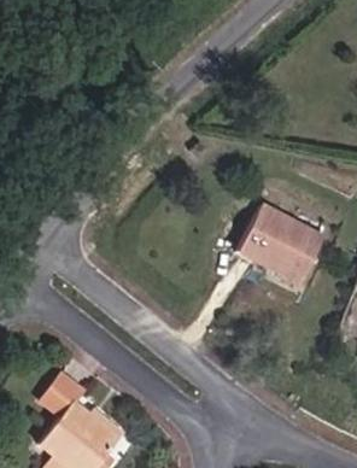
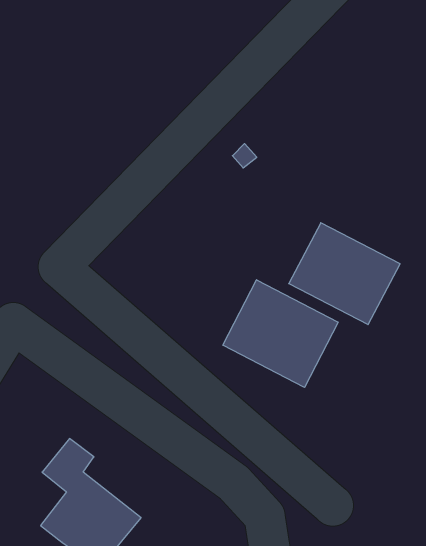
building: none -> [223,280,338,387]

